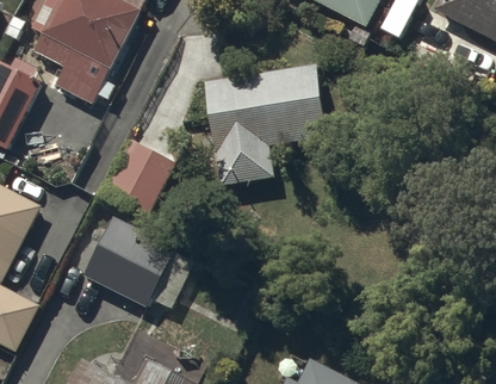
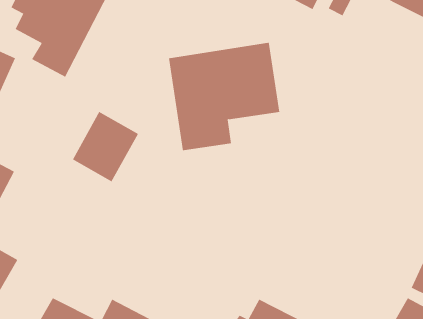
building: [82,218,192,306] -> none

